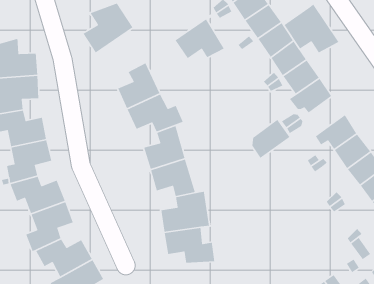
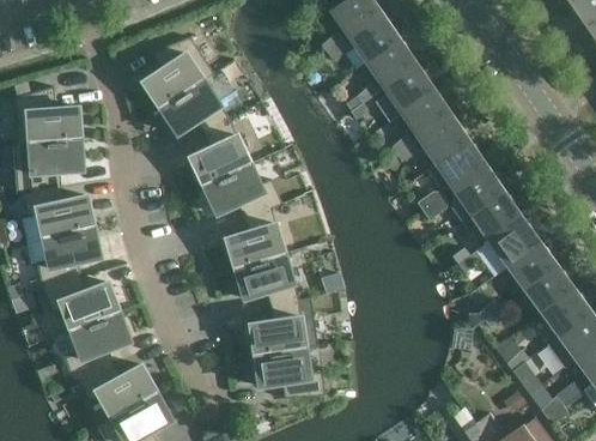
building: [283,4,340,54] -> none
building: [175,14,225,59] -> [160,72,230,134]
building: [252,119,291,159] -> [451,167,505,222]

